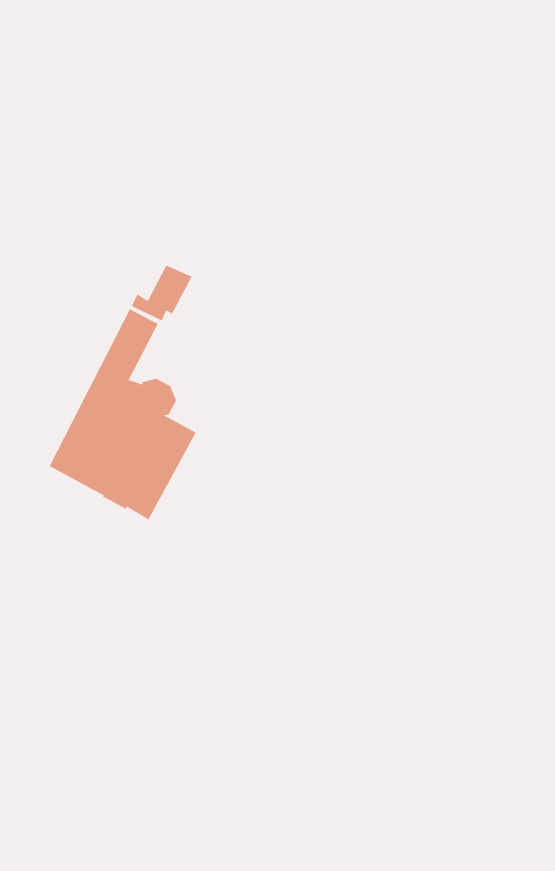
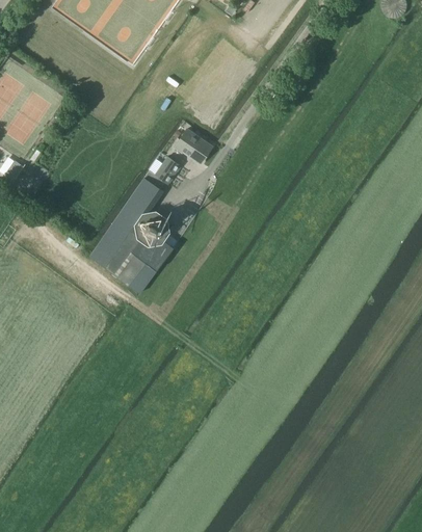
building: none -> [176,128,213,161]

